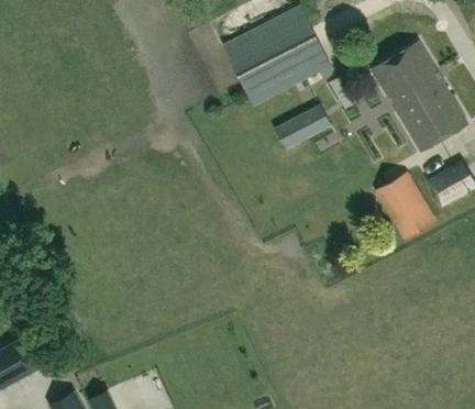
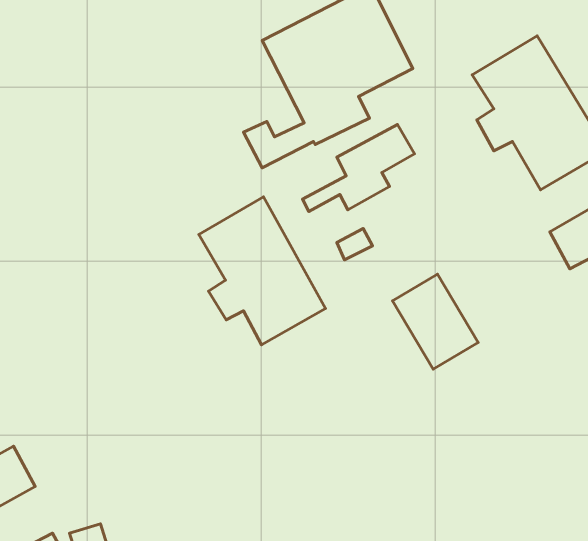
building: none -> [199,197,325,345]
building: [375,172,435,239] -> [393,274,478,369]

